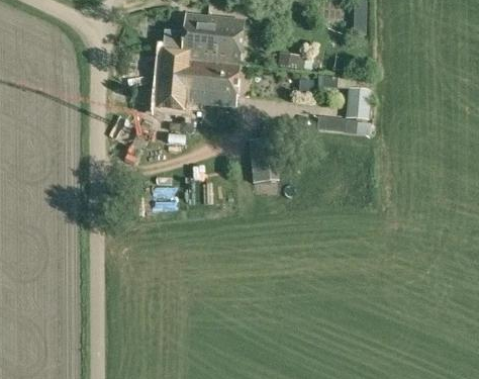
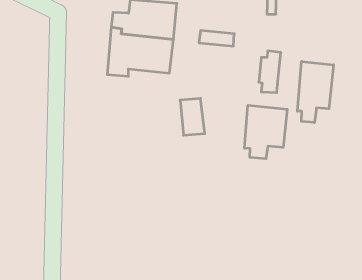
building: none -> [297,61,334,123]
building: none -> [245,105,287,159]

